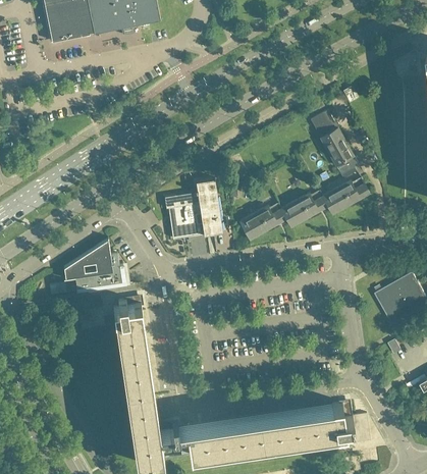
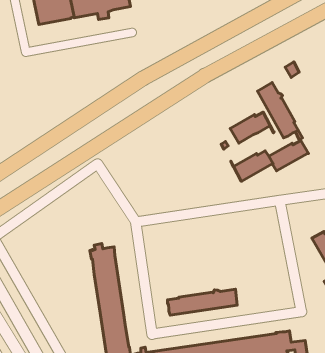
building: [163,180,221,241] -> none
building: [238,204,290,241] -> [230,112,274,143]
building: [63,240,124,293] -> none
building: none -> [168,289,237,315]

